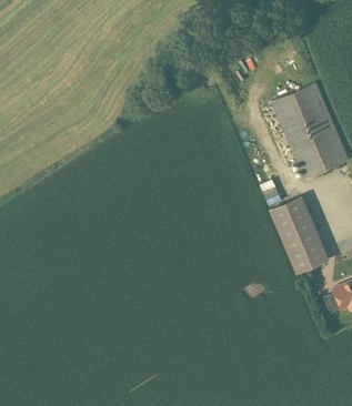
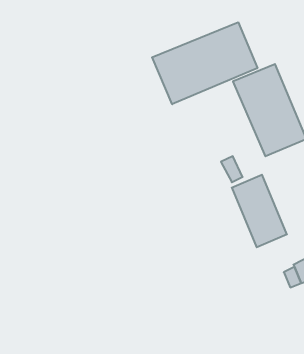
building: none -> [152,22,257,104]

